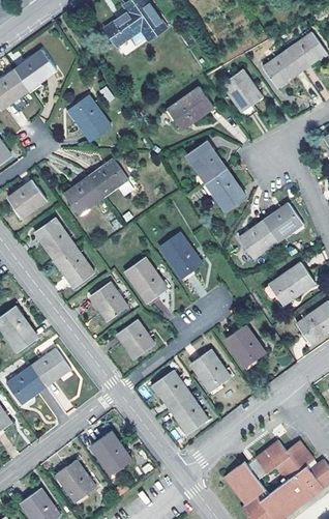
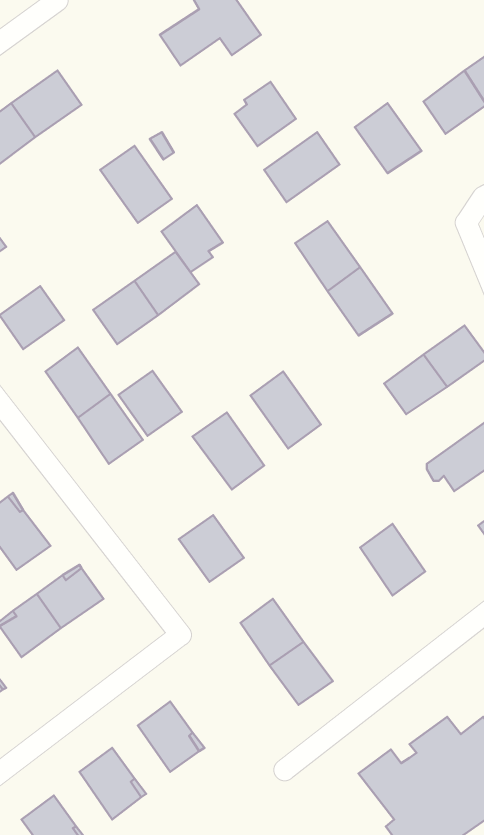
building: none -> [235,82,296,146]
building: none -> [161,205,223,272]
building: [90,282,128,321] -> [118,371,182,436]
building: [190,349,231,393] -> none

